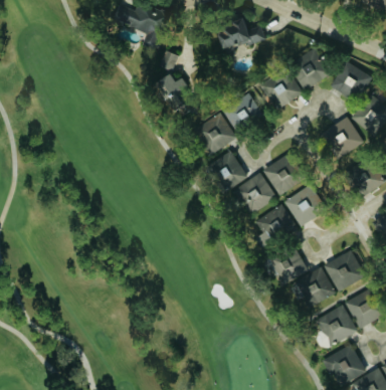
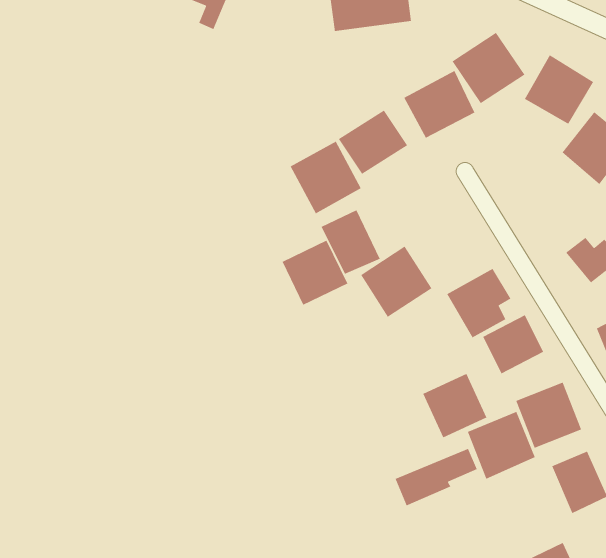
building: [153,49,187,108] -> none
building: [322,115,366,160] -> none
building: [264,158,302,195] -> none
building: none -> [282,239,348,306]
building: [259,204,296,239] -> [482,314,544,374]
building: none -> [395,448,478,507]
building: [318,305,357,344] -> none

